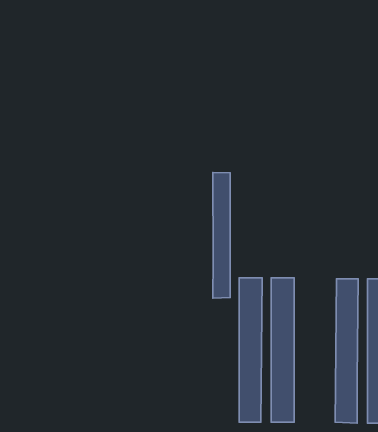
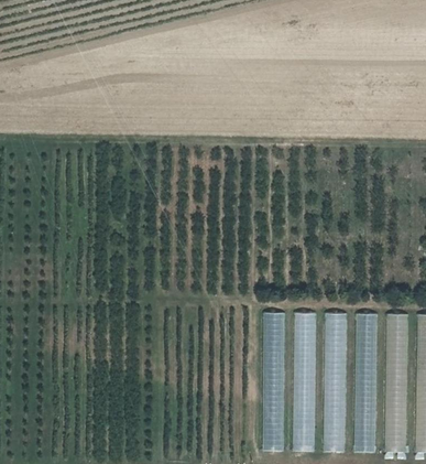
building: [213,173,230,298] -> none
building: none -> [325,314,347,453]

